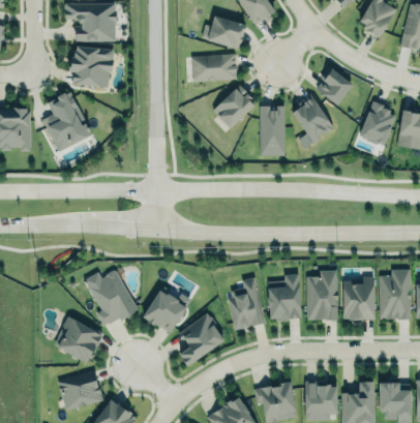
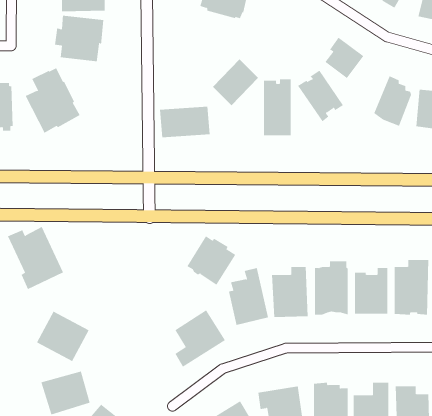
building: [191,53,238,82] -> [159,106,210,138]
building: [85,269,137,327] -> [7,226,64,290]
building: [142,288,187,333] -> [186,235,236,285]

